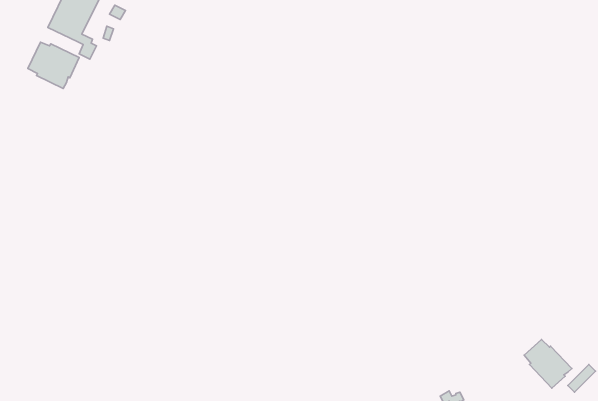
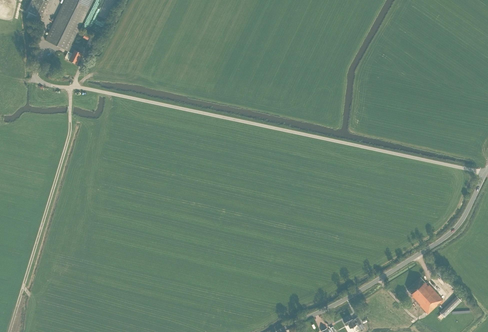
building: [28,42,79,89] -> none

